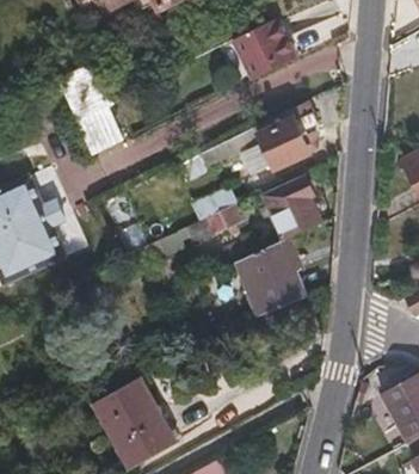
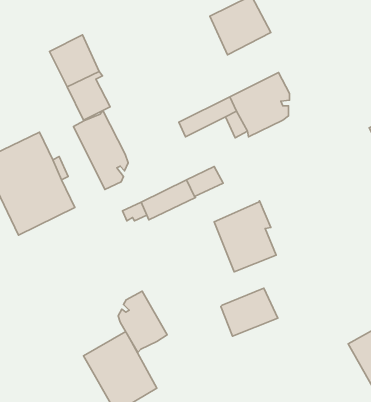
building: none -> [73,110,128,189]
building: [261,176,320,240] -> none
building: none -> [221,288,278,336]
building: none -> [118,291,167,353]

